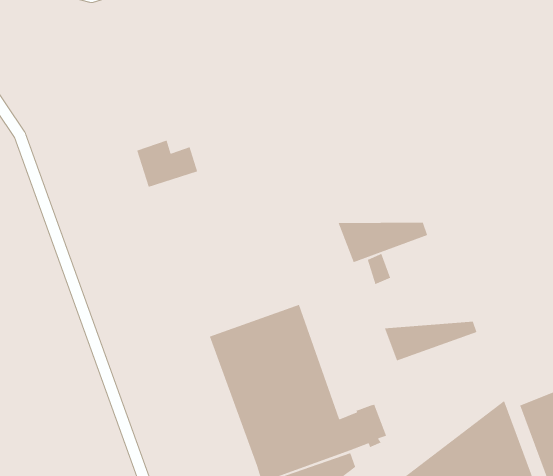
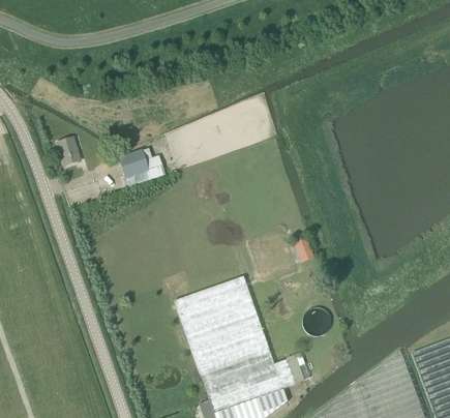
building: none -> [56,138,81,167]
building: [338,222,428,263] -> none
building: [384,321,477,361] -> none

